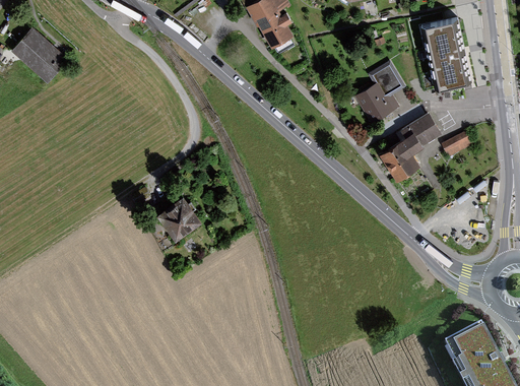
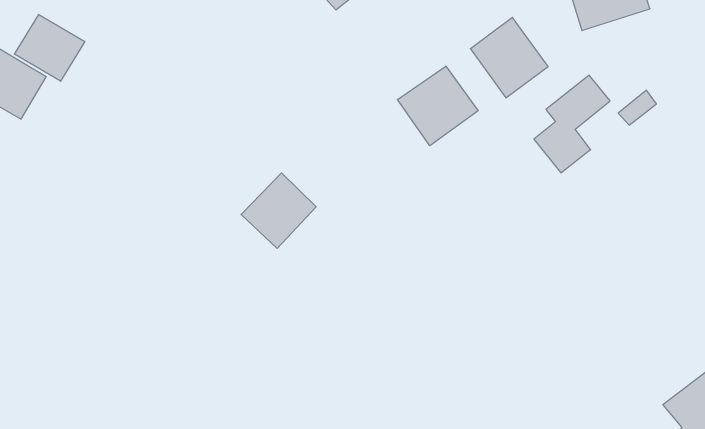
building: none -> [14,14,85,81]
building: none -> [397,66,478,146]
building: [154,195,205,245] -> [241,173,316,248]

